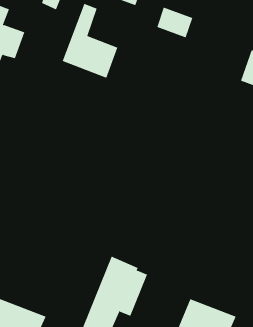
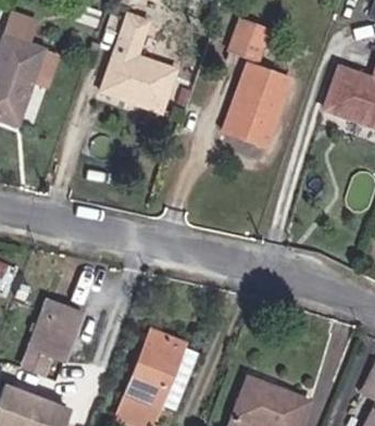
building: none -> [220,64,286,145]
building: none -> [32,300,90,369]

